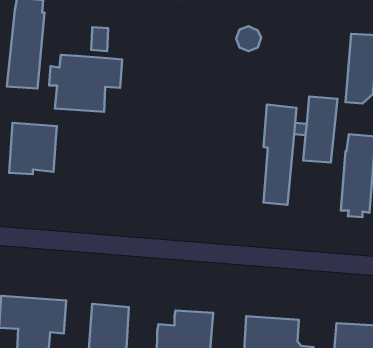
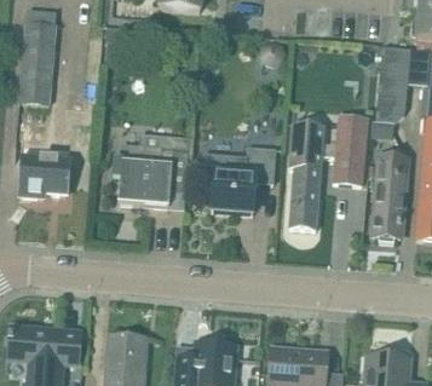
building: [49,55,122,112] -> [111,144,189,204]
building: none -> [200,144,276,212]

